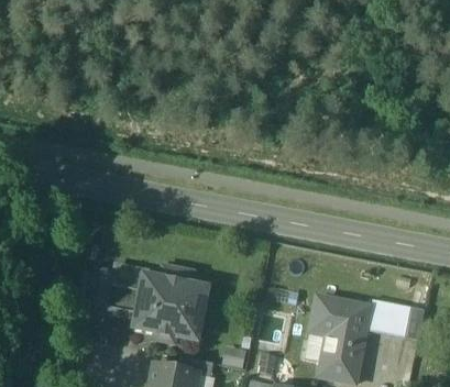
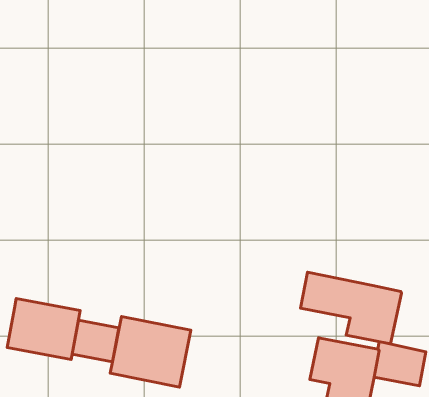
building: none -> [300,272,402,344]
building: none -> [7,298,80,360]

